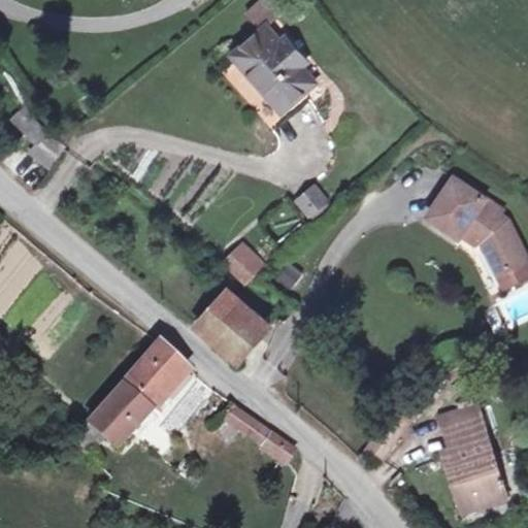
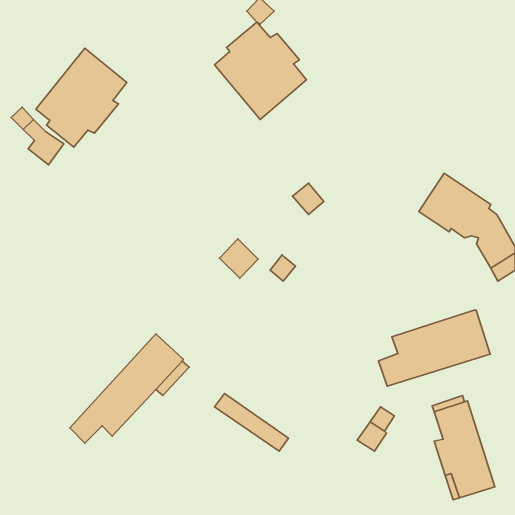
building: none -> [36,48,127,147]
building: [195,288,268,361] -> none
building: none -> [378,310,490,386]

